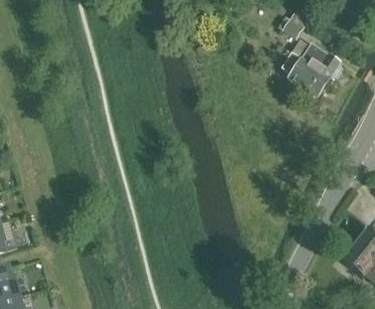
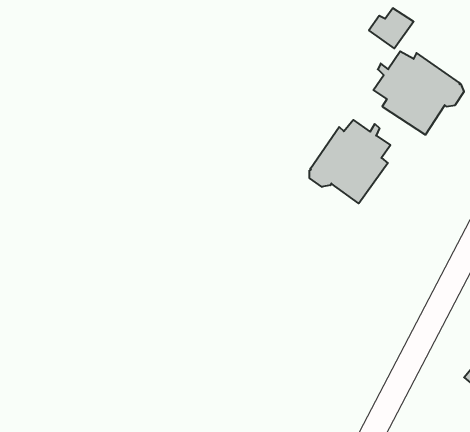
building: none -> [309,120,390,203]

